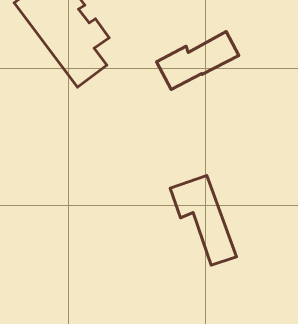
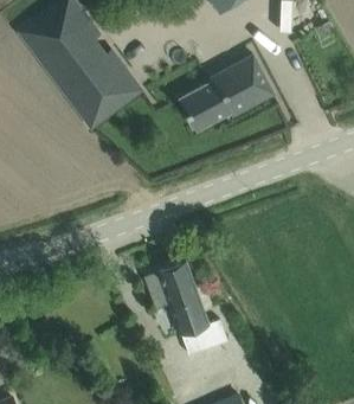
building: [170,176,237,265] -> [144,264,219,365]

